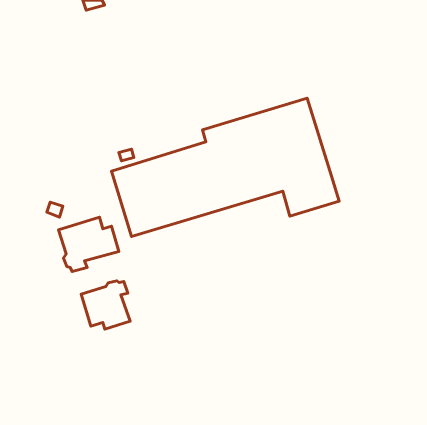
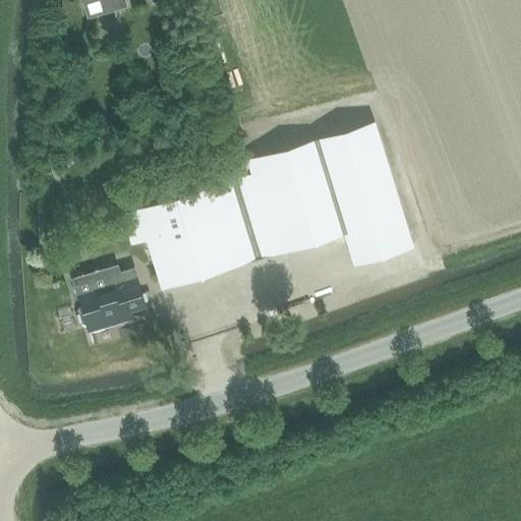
building: [81,281,130,329] -> none

